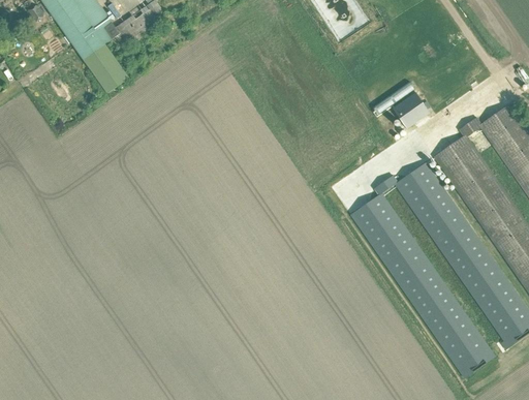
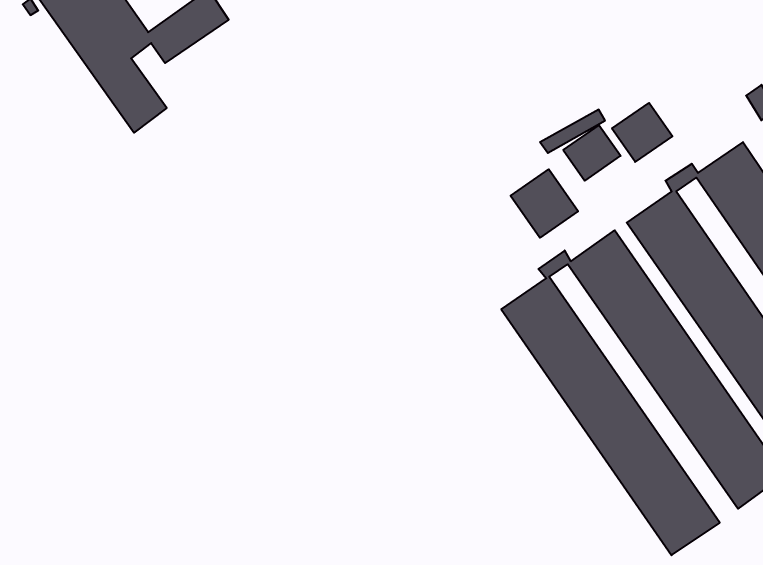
building: none -> [612,103,672,162]
building: none -> [511,169,578,238]

